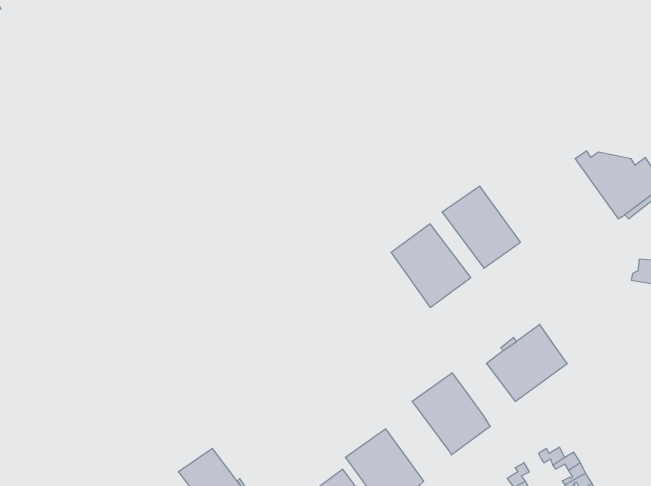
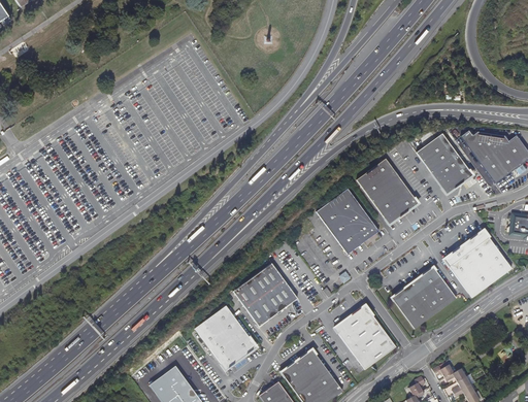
building: none -> [418,133,473,194]
building: none -> [441,227,512,297]
building: none -> [234,262,298,325]
building: none -> [195,303,257,368]

